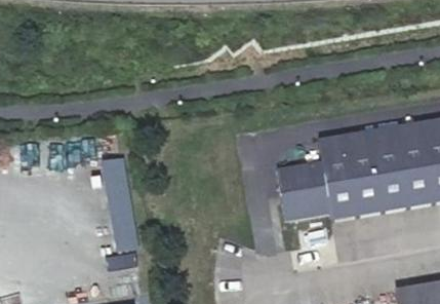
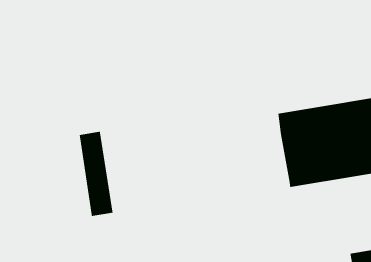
building: [274,160,330,220] -> none

